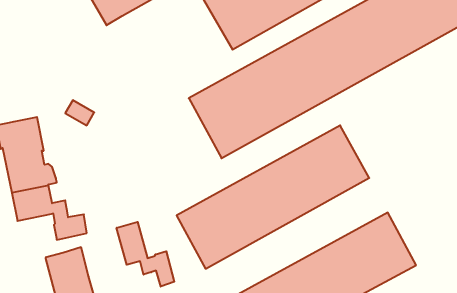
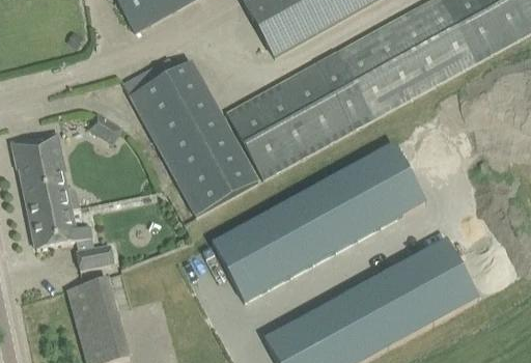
building: none -> [130,61,259,217]
building: [117,222,174,287] -> none

